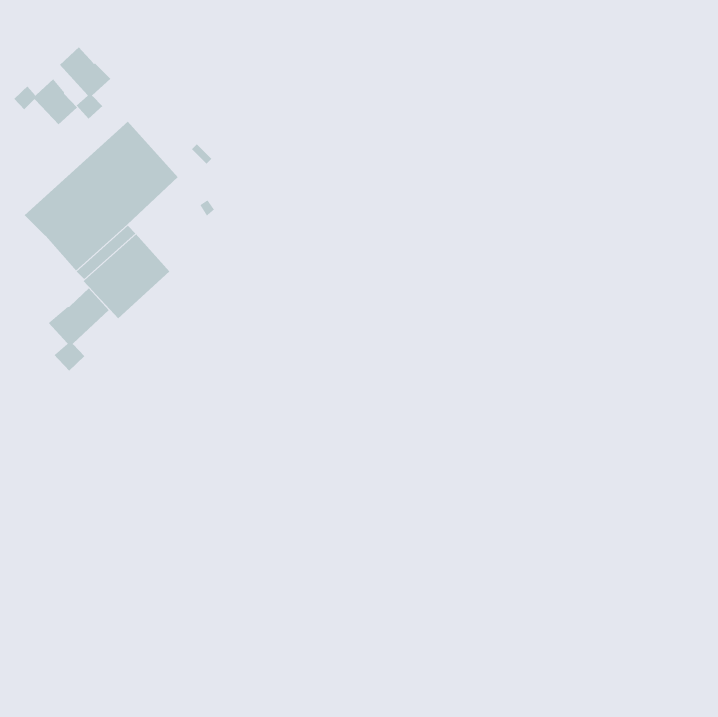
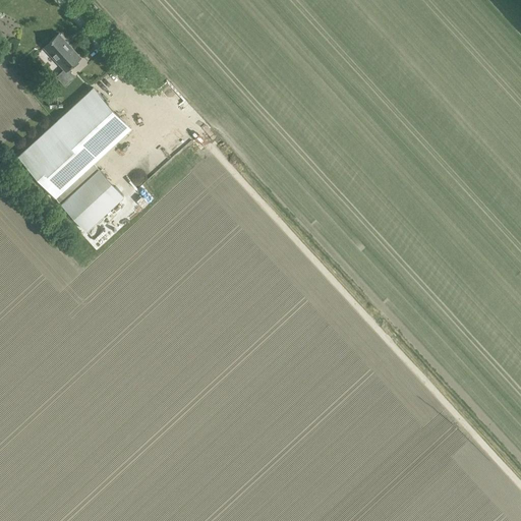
building: [13,78,78,125] -> none
building: [48,288,110,371] -> none

